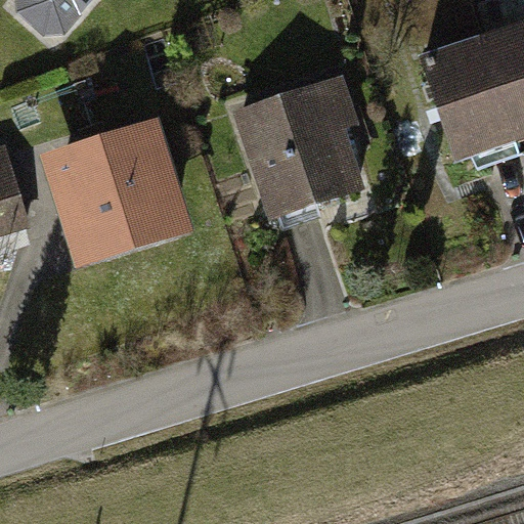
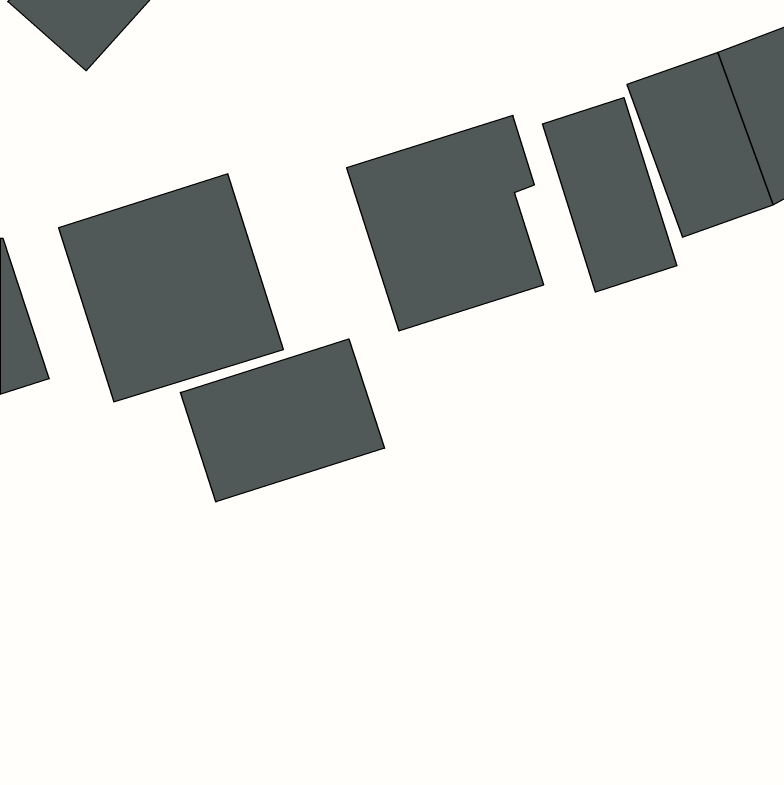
building: none -> [542,98,677,292]
building: none -> [180,339,385,502]

